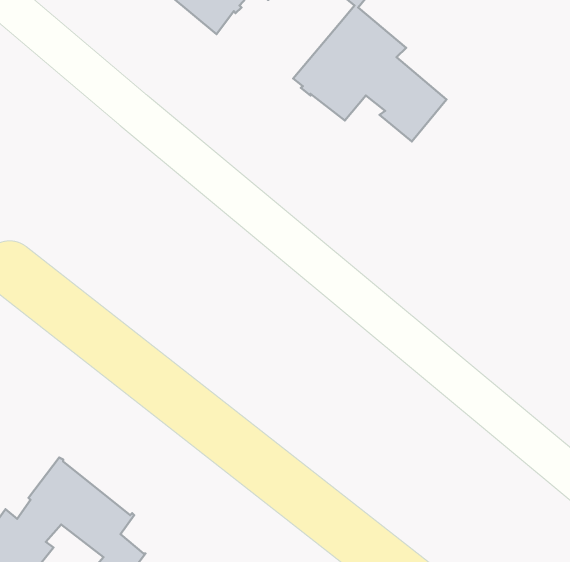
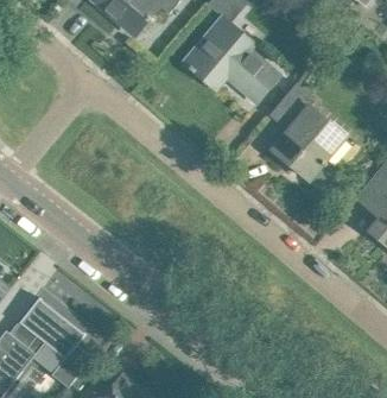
building: none -> [274,83,345,191]

